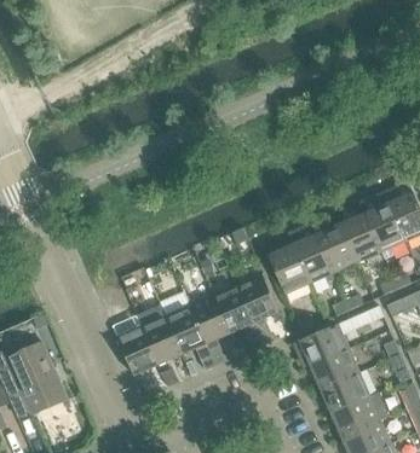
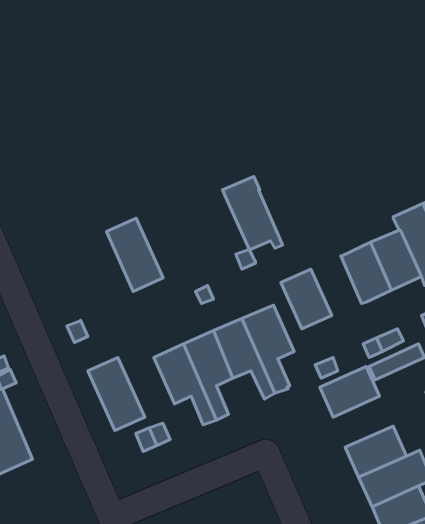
building: [287,223,335,283] -> [223,176,282,250]
building: [136,306,182,365] -> [106,218,163,291]
building: [310,348,358,389] -> none

